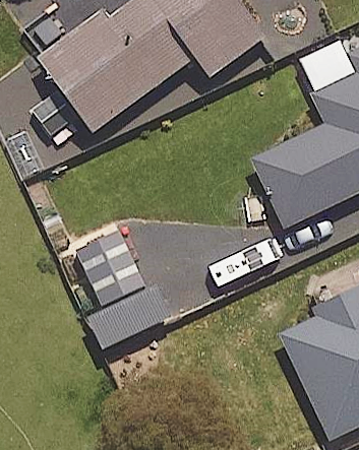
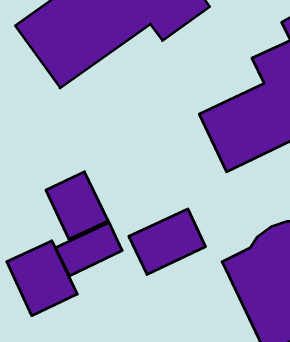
building: none -> [129,209,205,275]
building: none -> [7,241,77,316]

